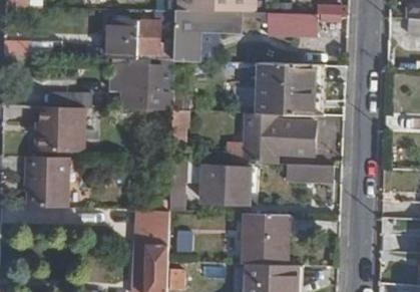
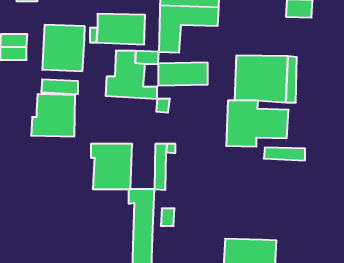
building: [259,12,313,37] -> [158,63,208,86]
building: none -> [42,25,84,71]
building: [24,158,69,207] -> [91,144,132,189]
building: [203,167,254,205] -> none
building: [245,213,296,265] -> none

